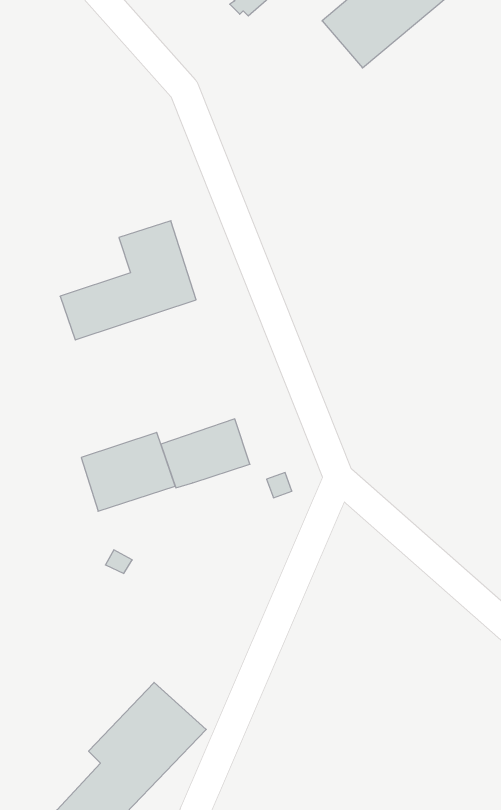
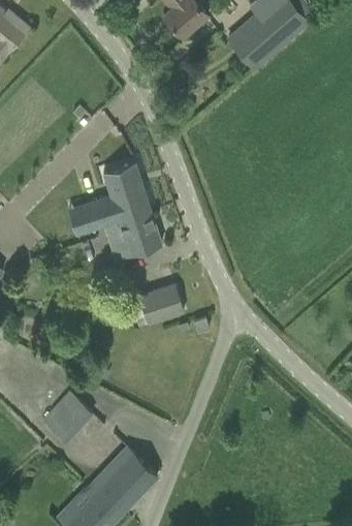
building: [81,432,175,511] -> [104,211,162,259]
building: none -> [43,392,94,443]

